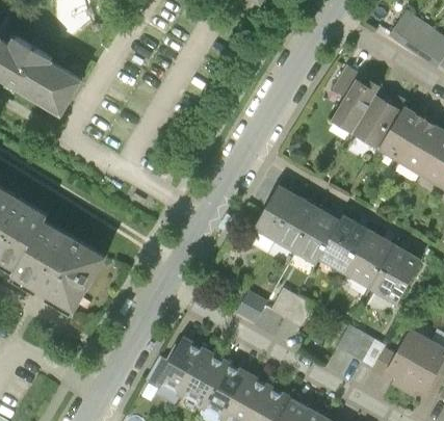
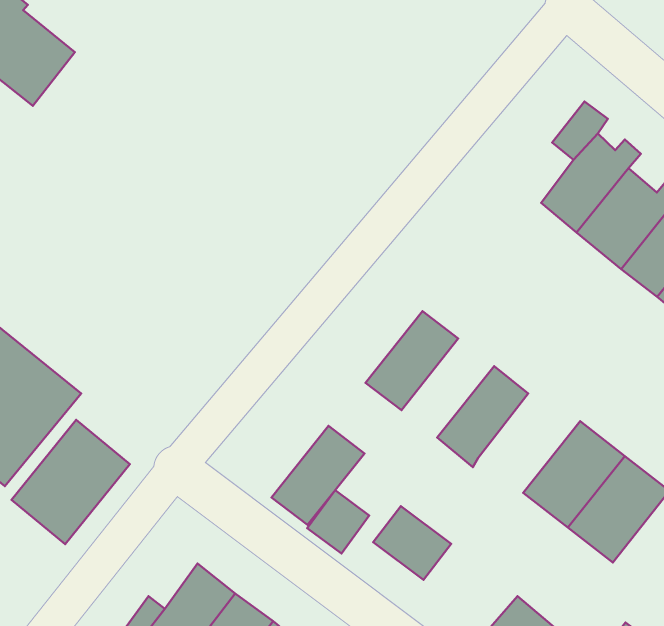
building: [276,200,320,253] -> [272,426,364,525]
building: [319,218,369,274] -> none
building: none -> [12,420,130,544]

